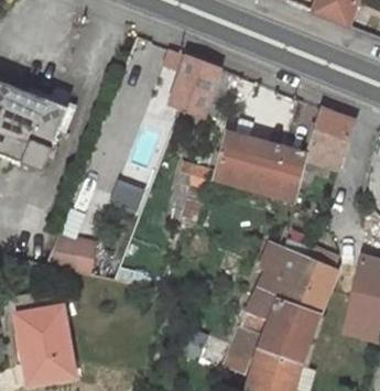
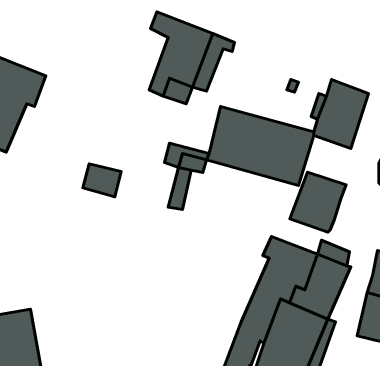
building: none -> [290,172,346,232]
building: [45,237,93,273] -> none

